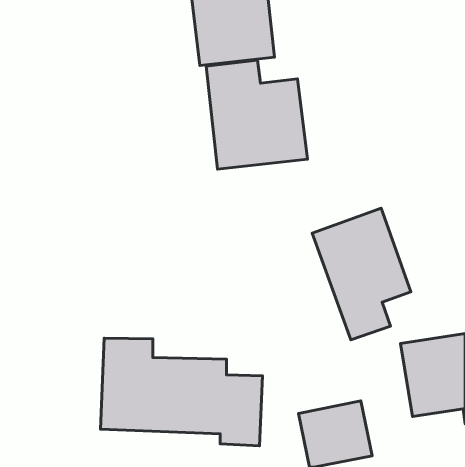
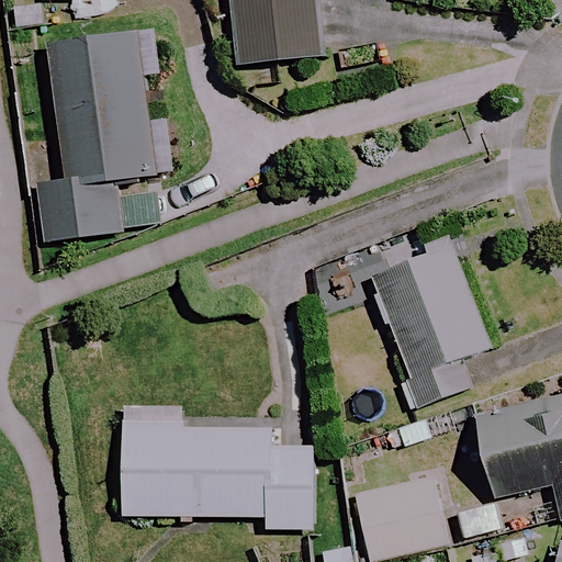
building: none -> [40,23,154,239]
building: [206,60,307,169] -> none

